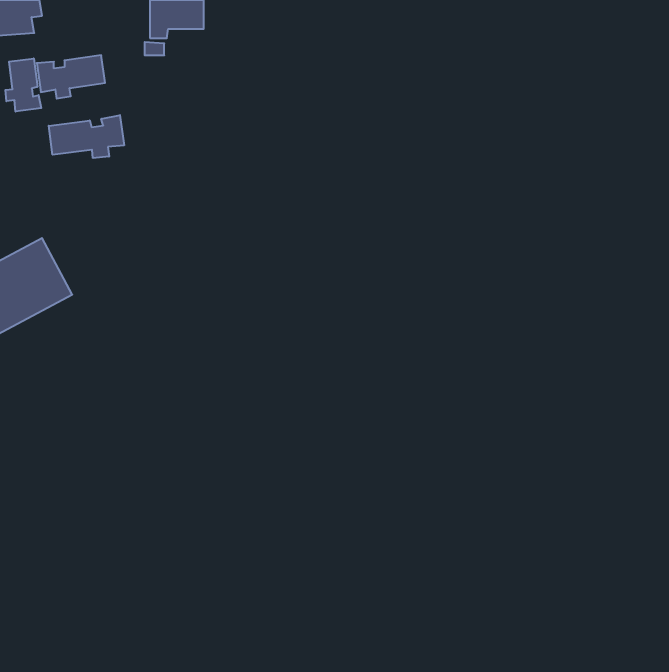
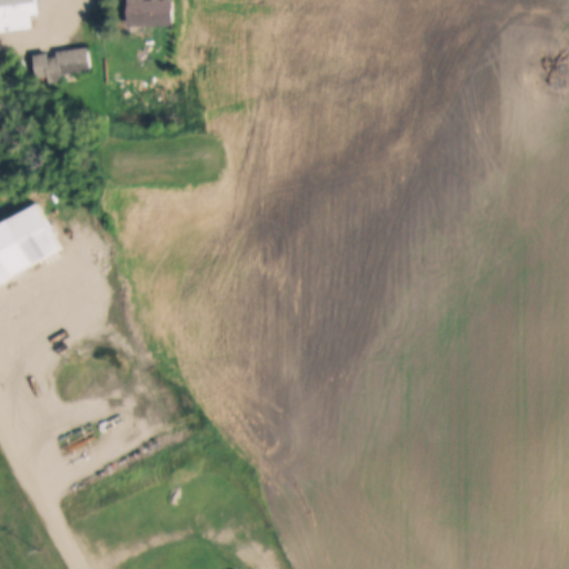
building: [5,58,41,112] -> none
building: [49,115,124,158] -> none

